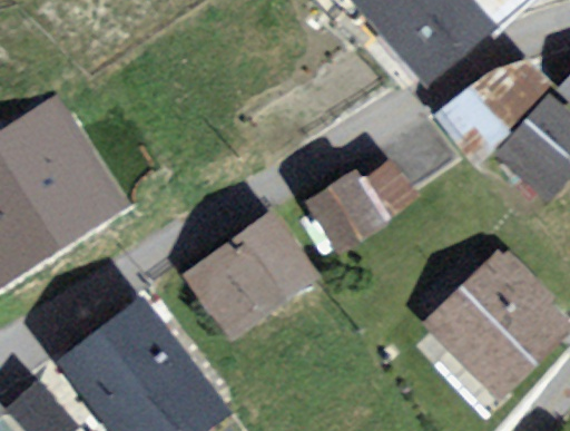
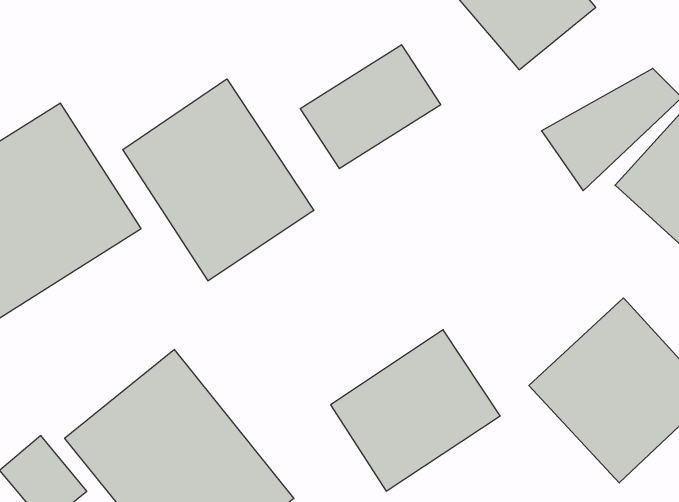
building: none -> [123,79,314,281]
building: [308,151,421,251] -> [300,45,441,169]
building: [184,214,320,343] -> [331,330,500,491]

